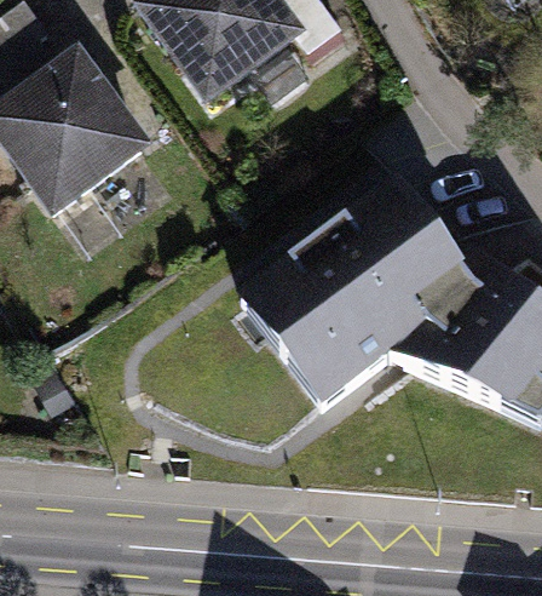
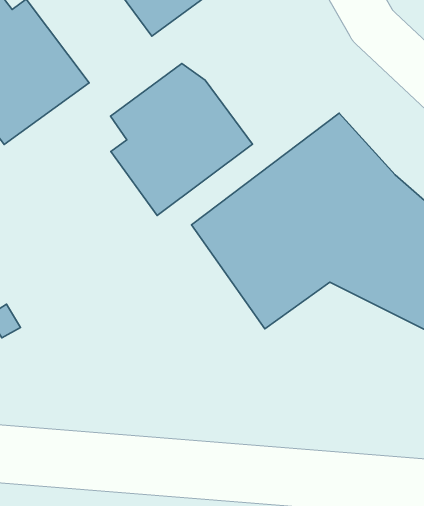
building: none -> [110,64,252,216]

